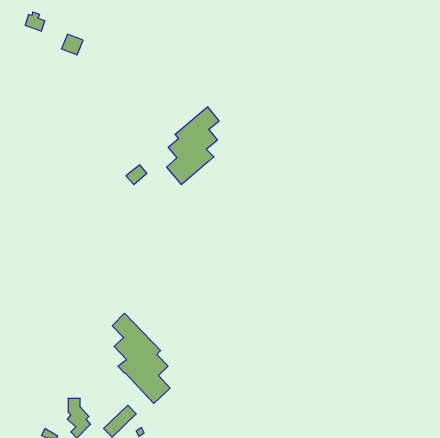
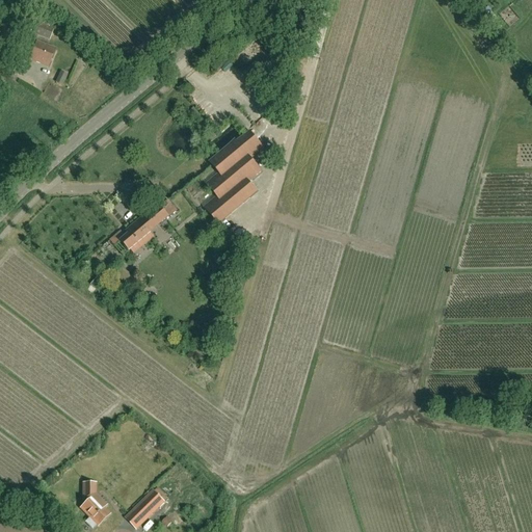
building: [61,34,83,55] -> [30,39,56,64]
building: none -> [111,219,153,248]
building: [112,313,170,403] -> none

